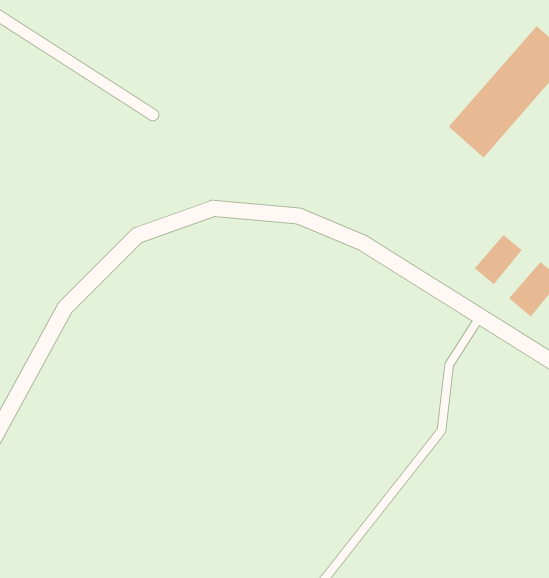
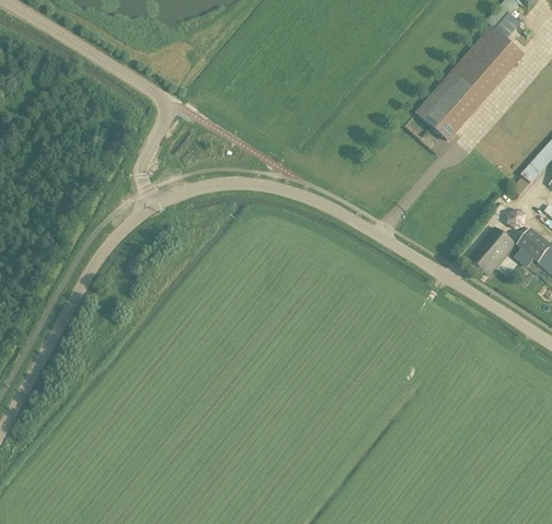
building: [474,234,522,285] -> none

